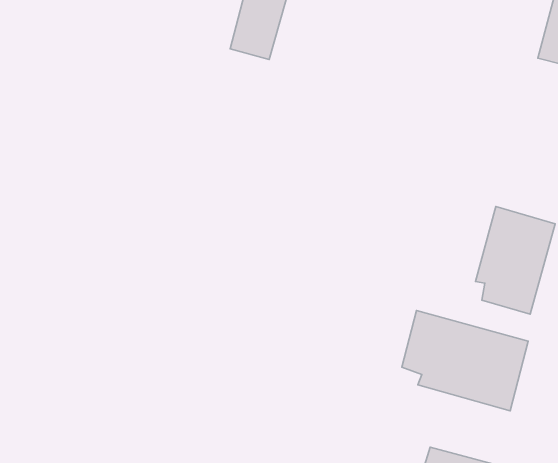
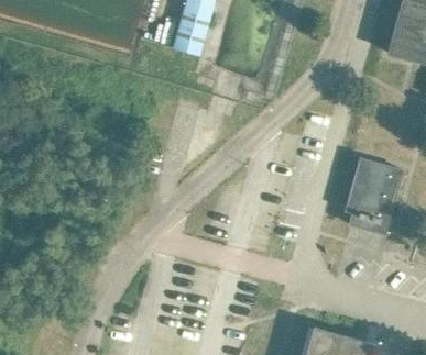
building: [402,310,528,411] -> none

